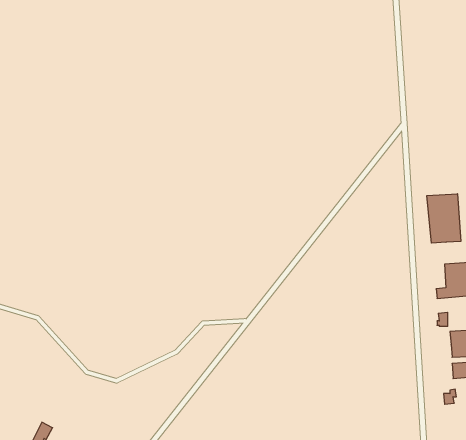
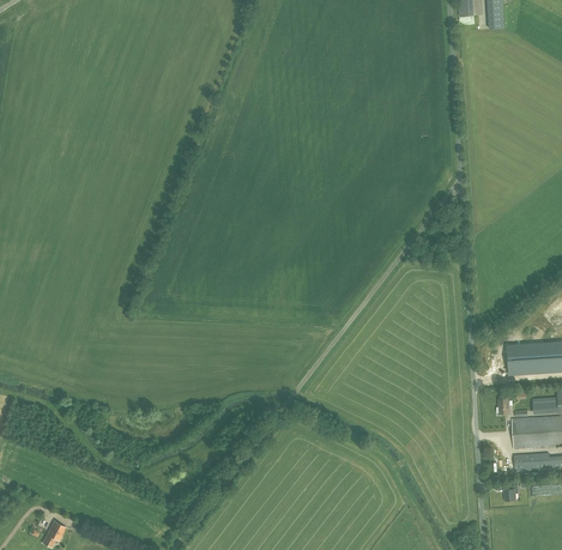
building: [427,194,461,243] -> none

